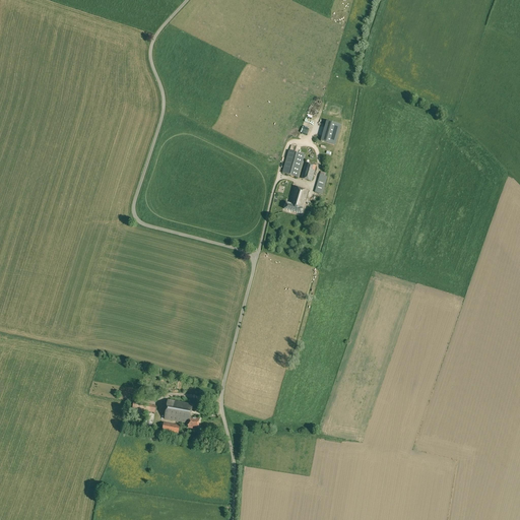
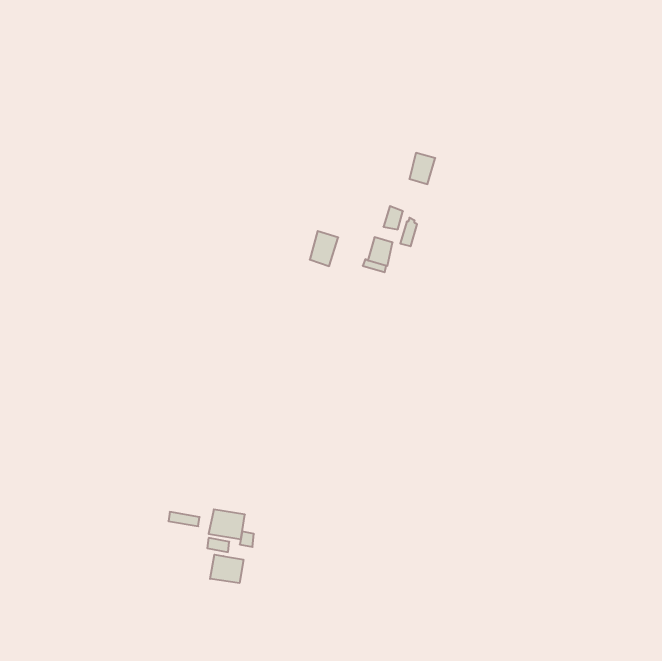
building: [282,149,305,177] -> [310,231,338,266]
building: none -> [210,555,243,583]

